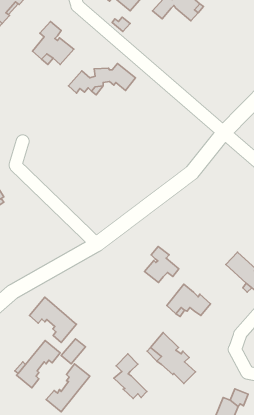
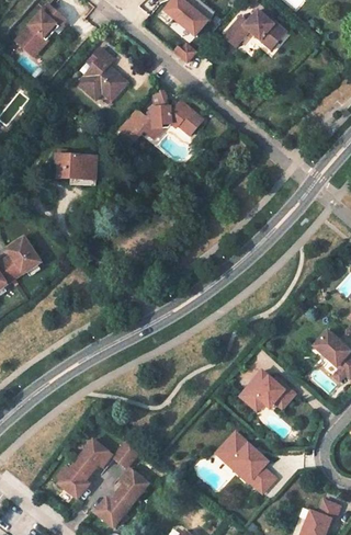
building: none -> [57,155,99,179]
building: [144,246,179,283] -> none
building: [29,297,77,342] -> none
building: [114,354,147,398] -> none

